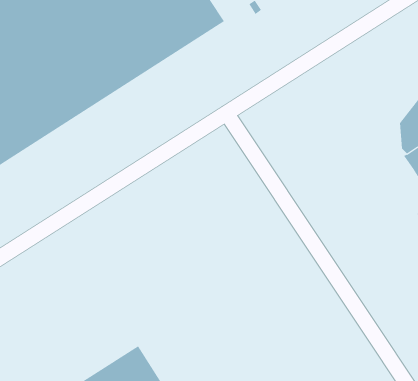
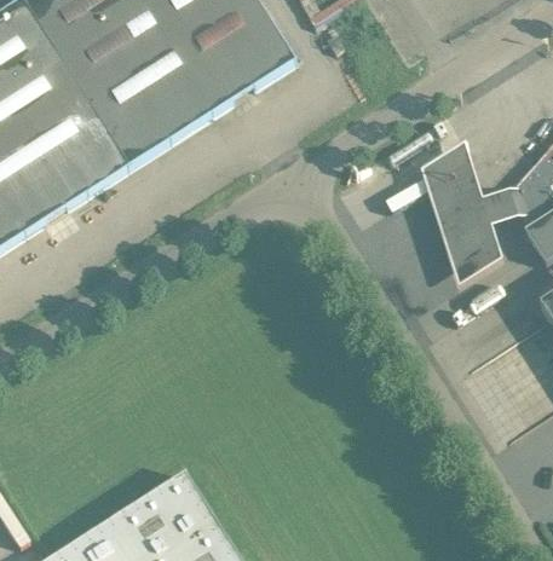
building: none -> [414,143,522,291]

